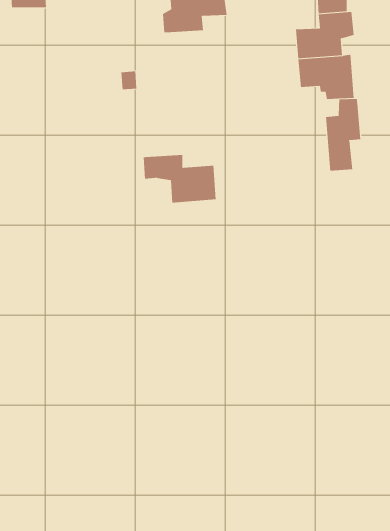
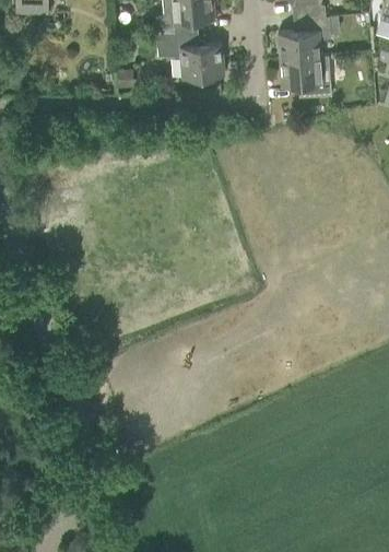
building: [325,98,361,172] -> none
building: [143,154,217,203] -> [156,34,224,79]

